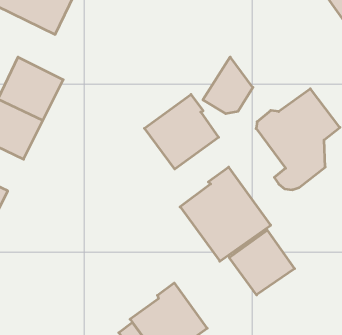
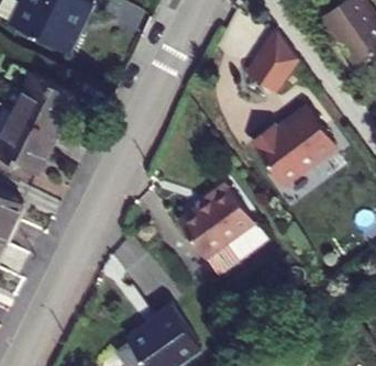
building: [203,57,253,114] -> [254,30,302,85]
building: [144,94,219,169] -> none
building: [229,230,295,295] -> none

